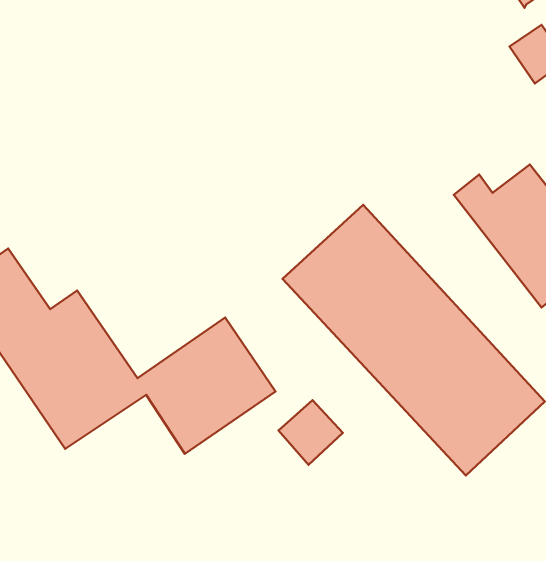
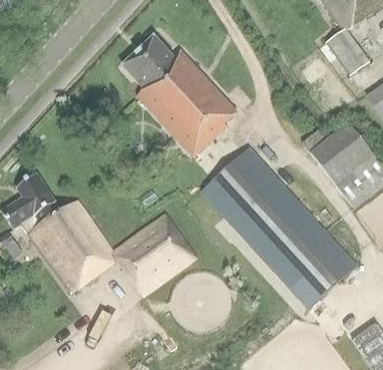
building: none -> [121,33,237,155]
building: [278,400,343,465] -> none

